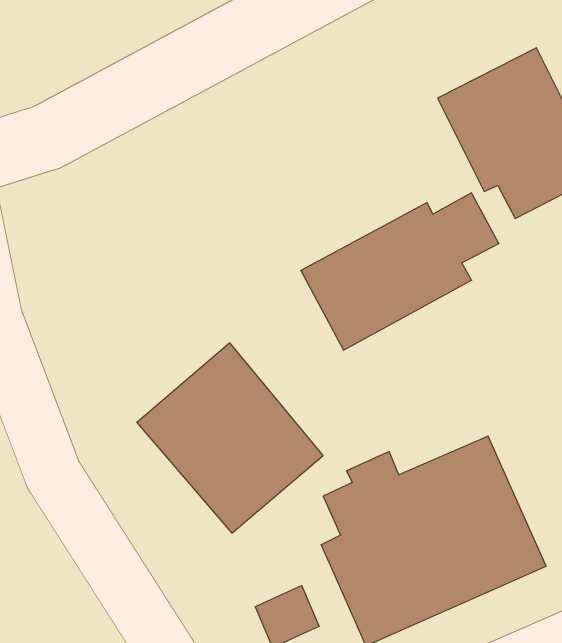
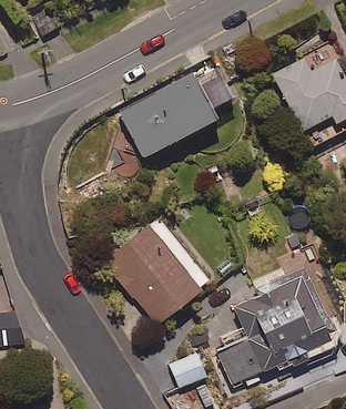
building: [301,193,499,350] -> [125,78,238,167]

